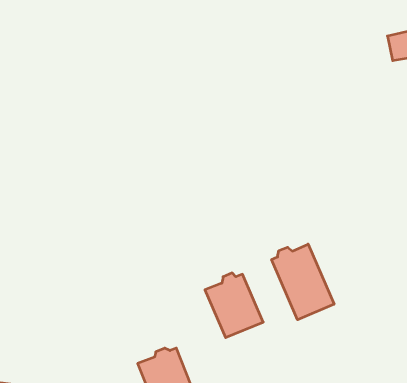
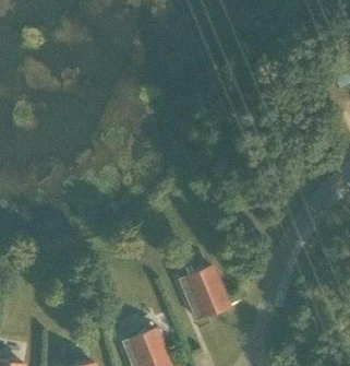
building: [272,244,334,320] -> none

